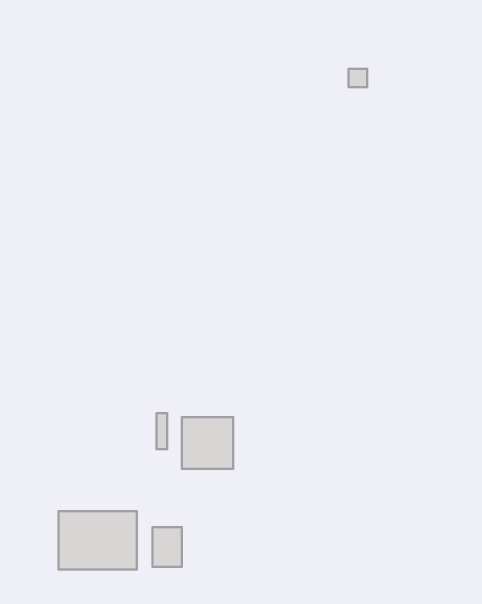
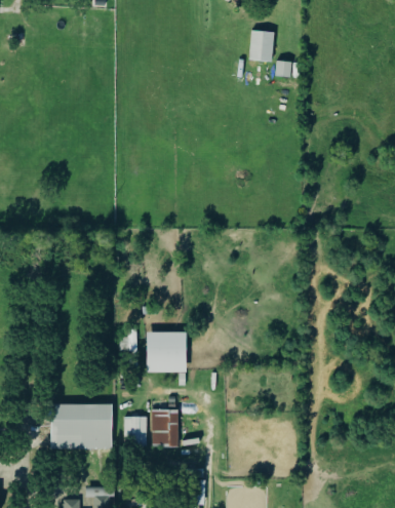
building: none -> [249,31,273,62]
building: none -> [152,409,177,446]

